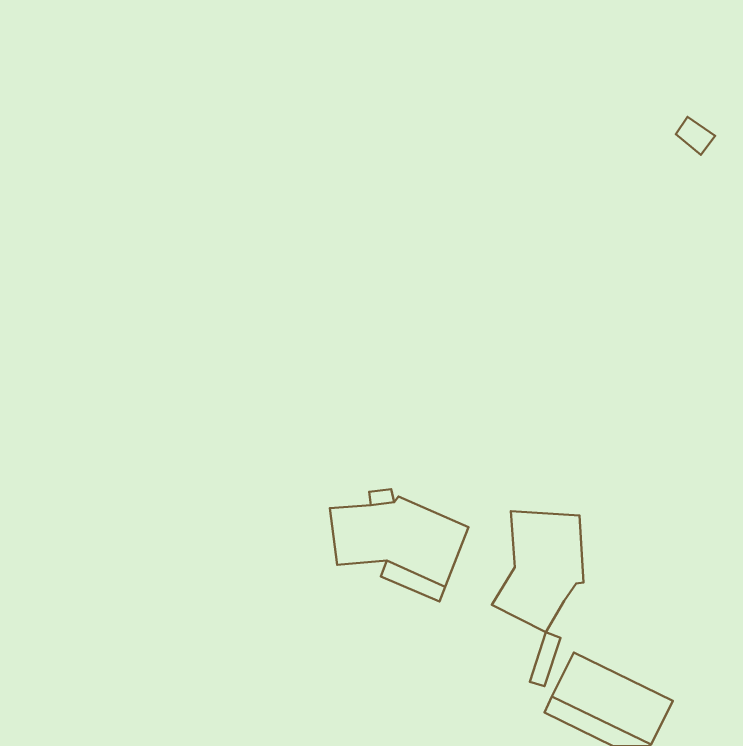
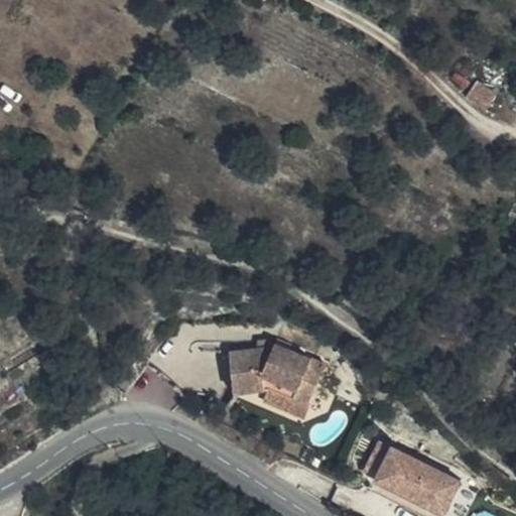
building: [492,511,584,632] -> none

